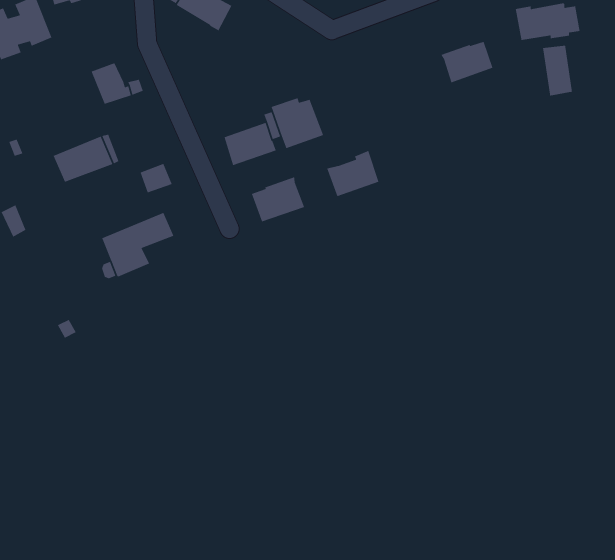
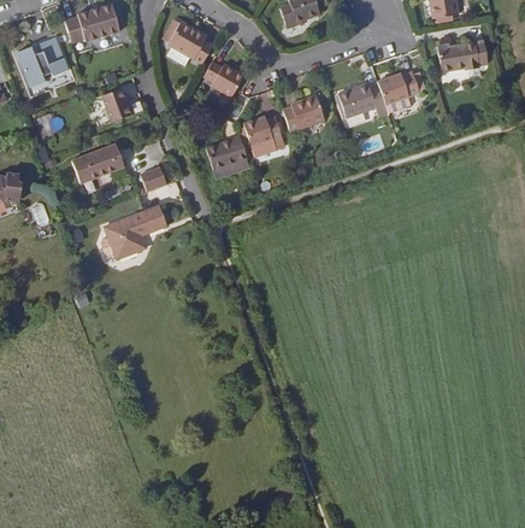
building: none -> [203,60,244,96]
building: [542,45,573,97] -> none
building: none -> [337,82,385,118]
building: [326,150,380,197] -> [282,94,324,131]
building: [251,176,305,223] -> none

